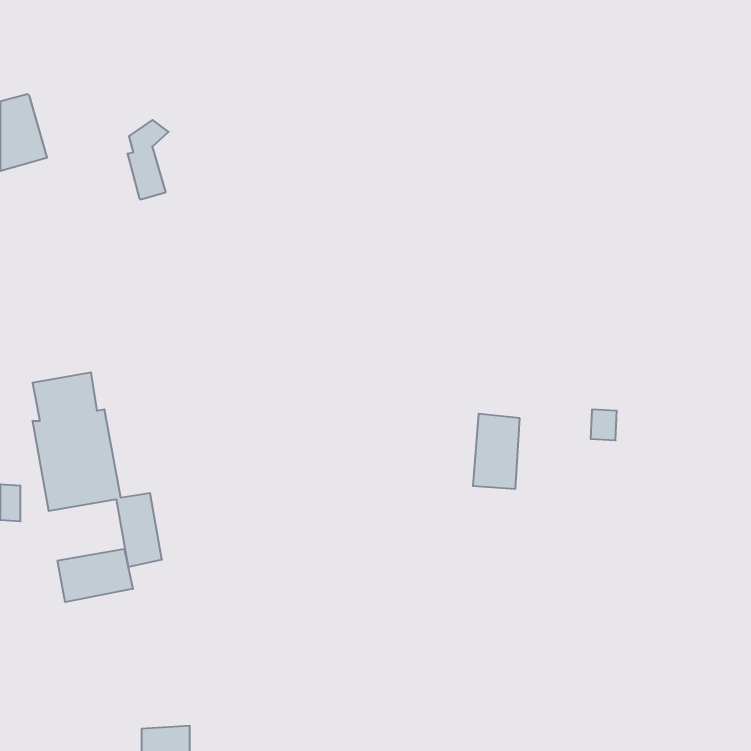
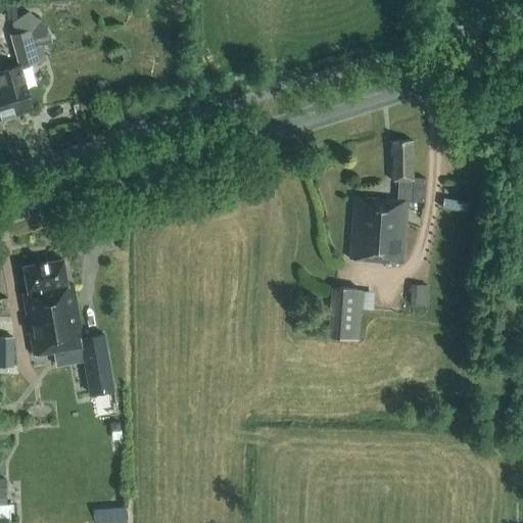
building: [127,120,169,199] -> [12,12,41,67]
building: none -> [350,142,425,265]
building: [58,549,133,602] -> none

